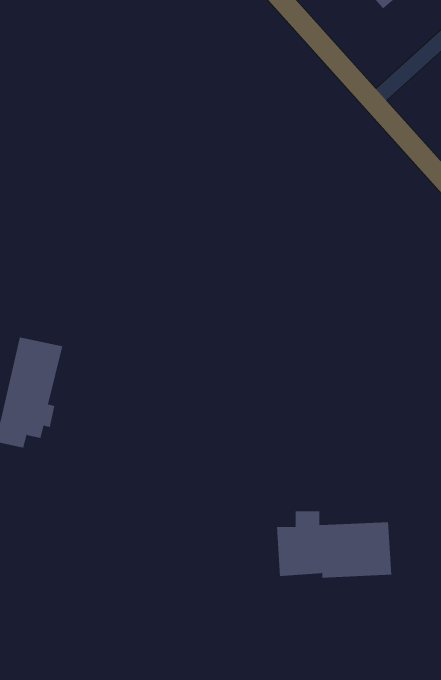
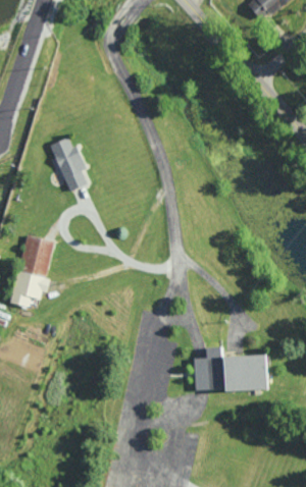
building: none -> [50,137,90,192]

